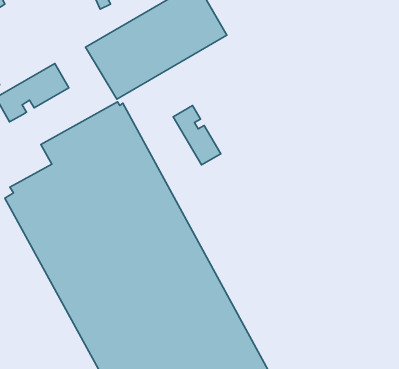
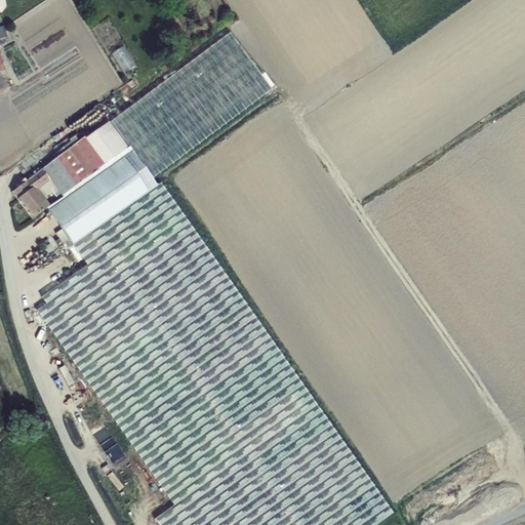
building: none -> [48,119,155,240]
building: [173,106,221,165] -> none

